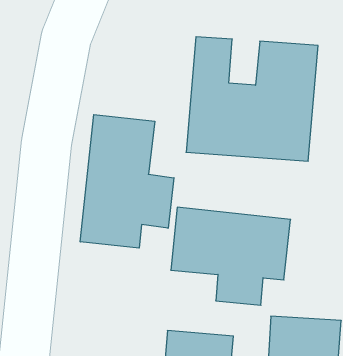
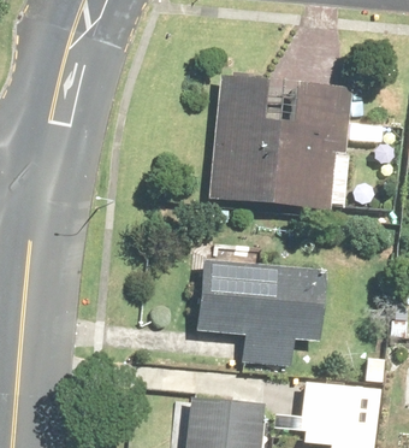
building: [80,115,174,248] -> none

